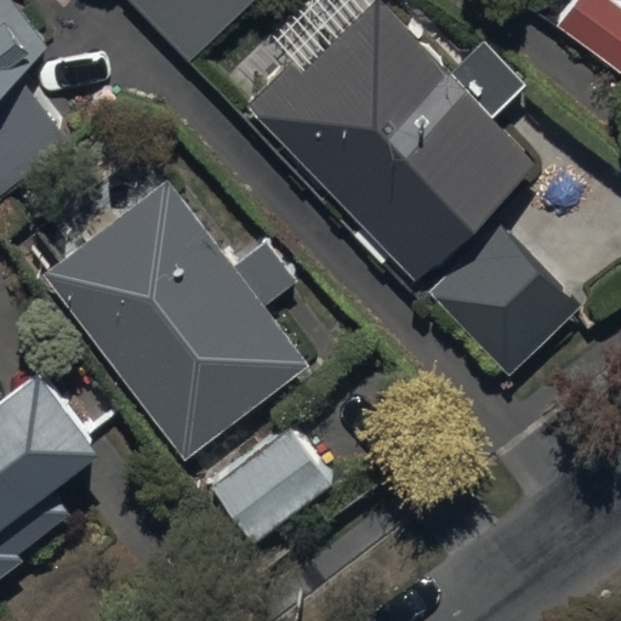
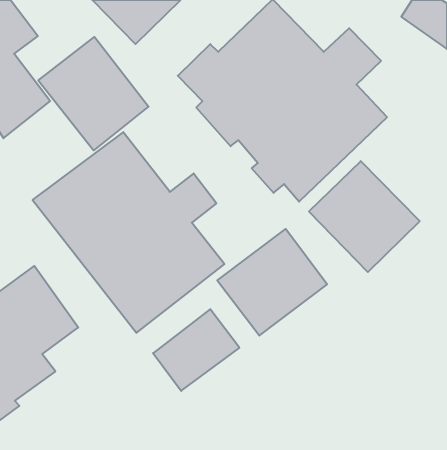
building: none -> [38,37,149,150]
building: none -> [217,229,327,336]

